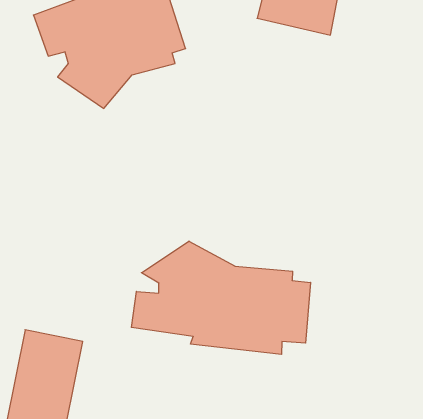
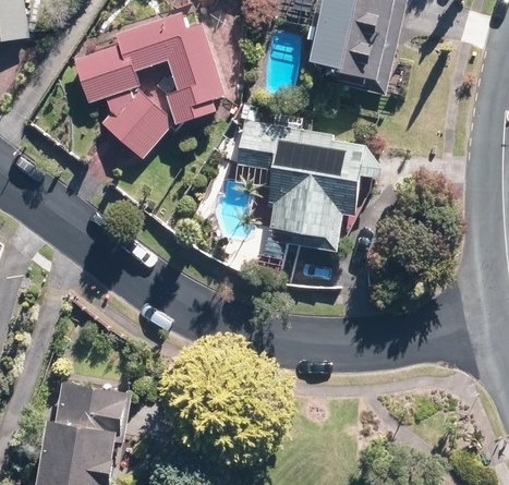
building: none -> [235,122,368,251]
building: [131,241,311,354] -> none

